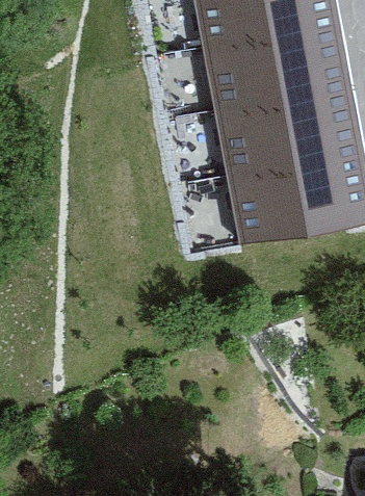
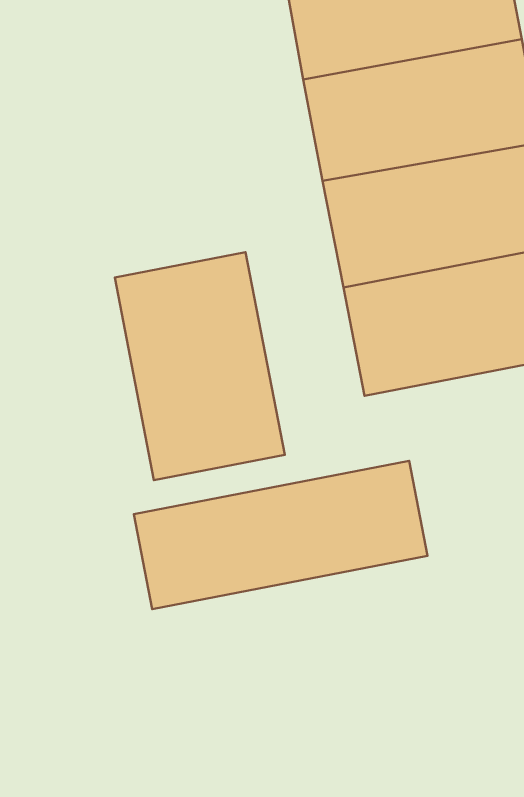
building: none -> [115,252,285,480]
building: none -> [134,461,428,609]

